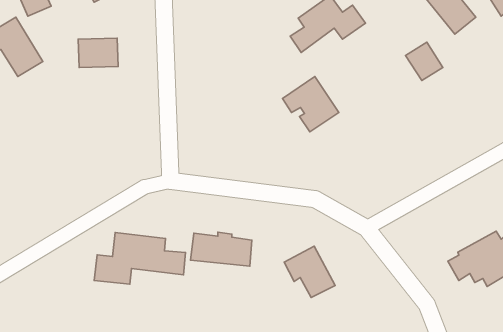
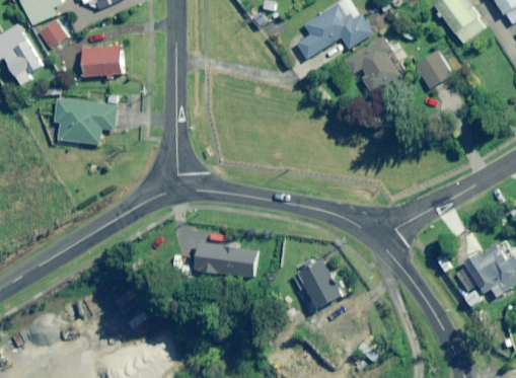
building: none -> [40,18,71,49]
building: [283,76,339,132] -> [344,37,400,93]
building: none -> [52,98,127,148]
building: [94,233,186,284] -> none

